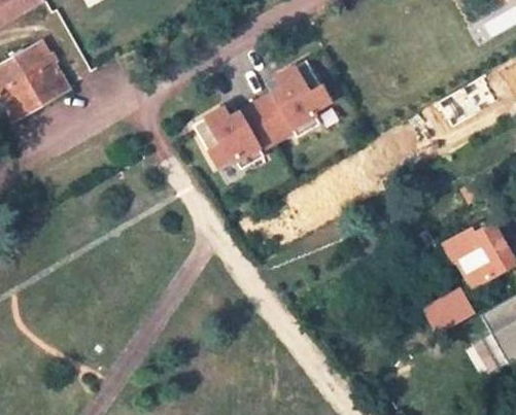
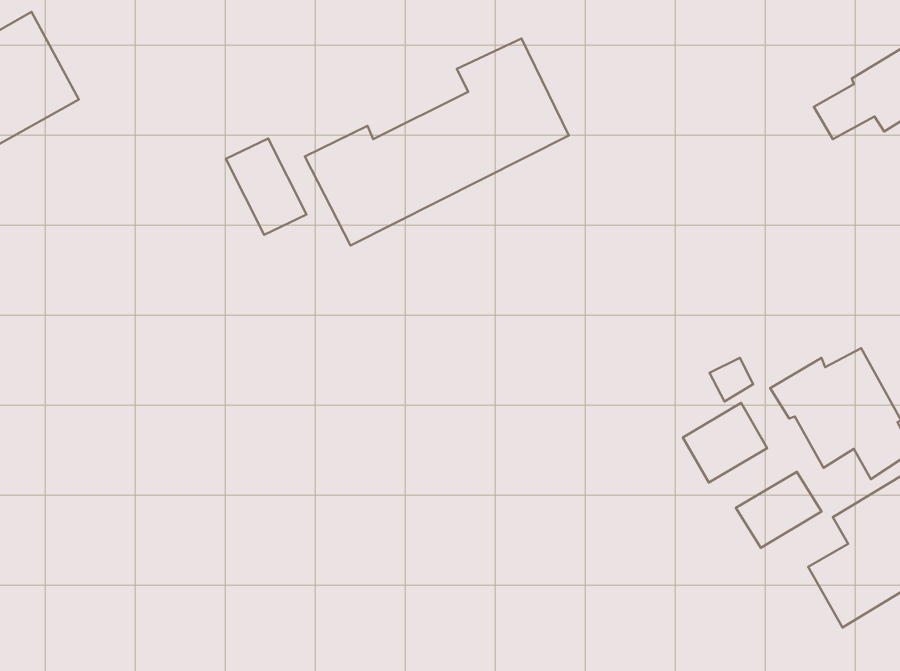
building: none -> [226,139,307,235]
building: none -> [683,403,767,483]

